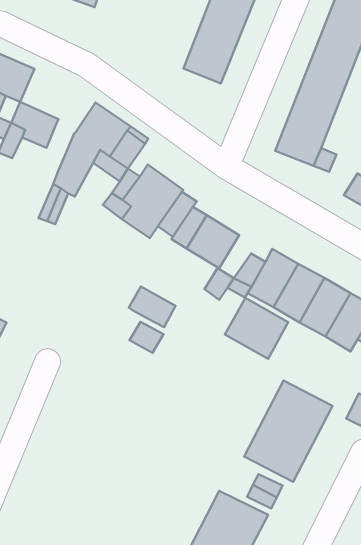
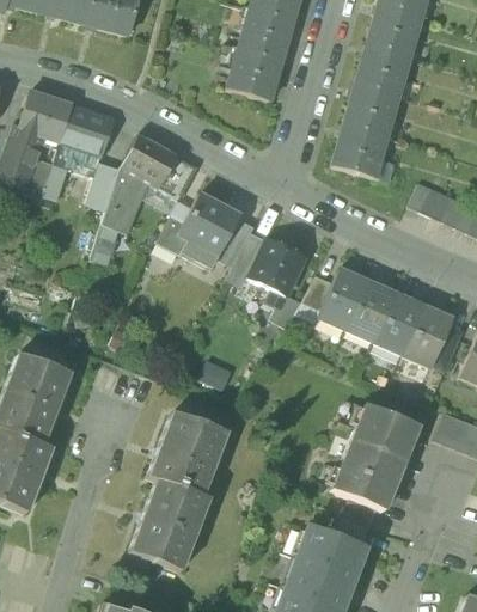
building: none -> [61,105,115,155]
building: none -> [87,163,121,210]
building: [129,287,175,327] -> none
building: [225,298,288,359] -> none
building: none -> [130,411,226,570]

